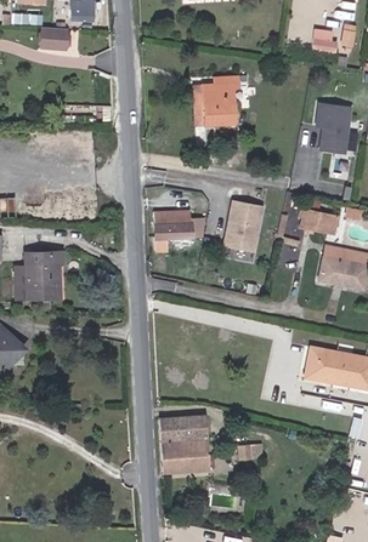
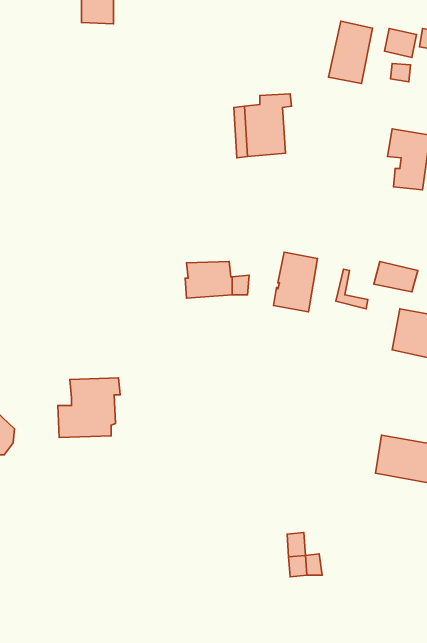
building: none -> [328,21,372,84]
building: [41,24,74,49] -> none
building: [13,251,63,298] -> [58,378,120,437]
building: [162,416,208,472] -> none

